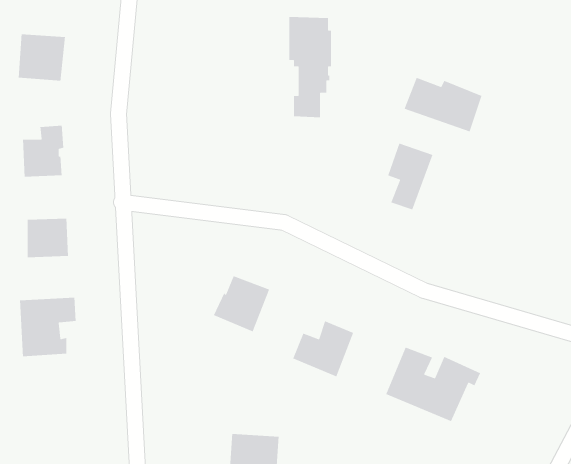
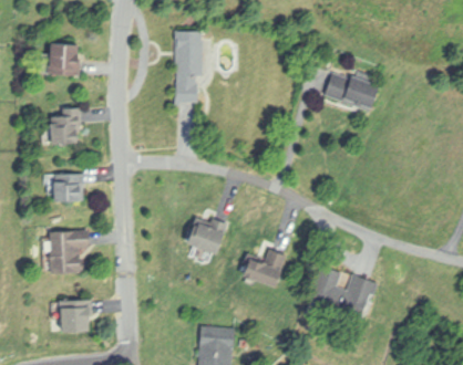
building: [288,16,332,118] -> [173,31,204,104]
building: [387,142,434,211] -> none
building: none -> [58,300,92,333]

